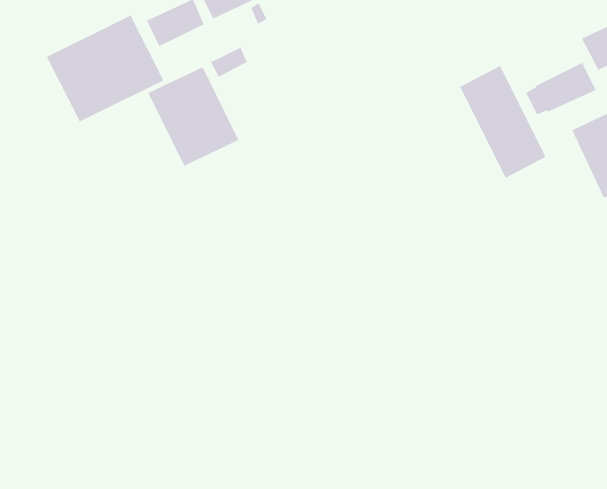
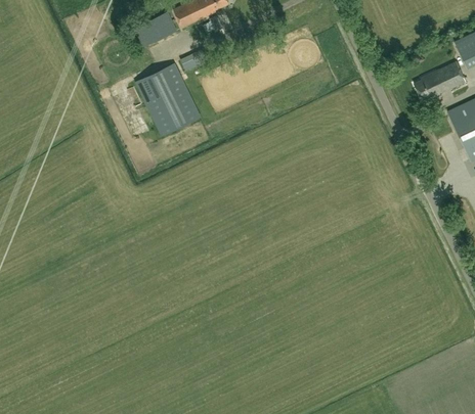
building: [46,15,164,122] -> none
building: [459,65,546,179] -> none

